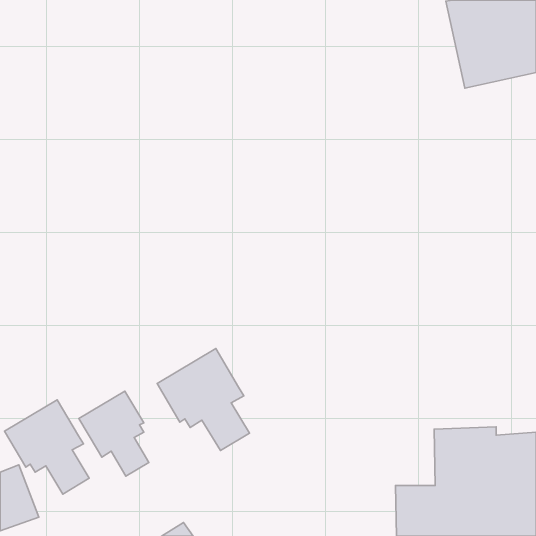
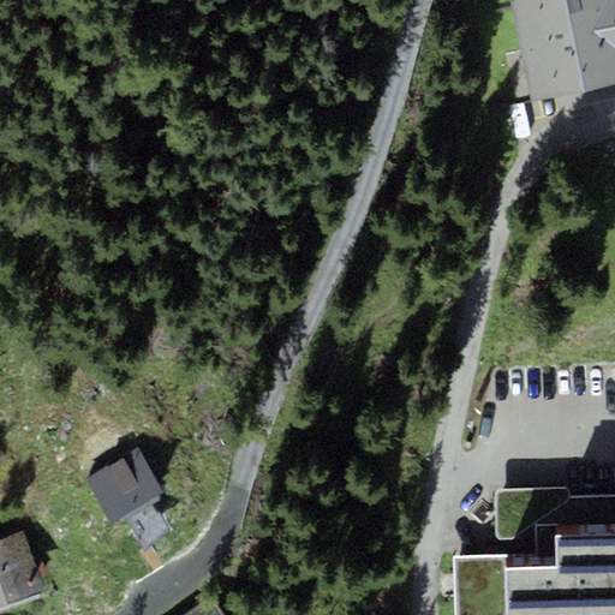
building: [157,349,250,451] -> none
building: [5,400,89,494] -> none

